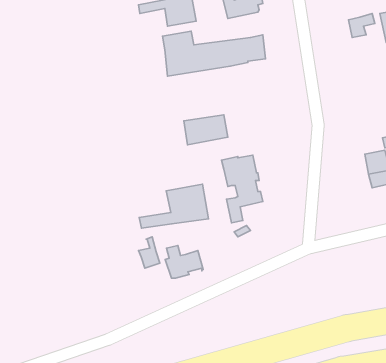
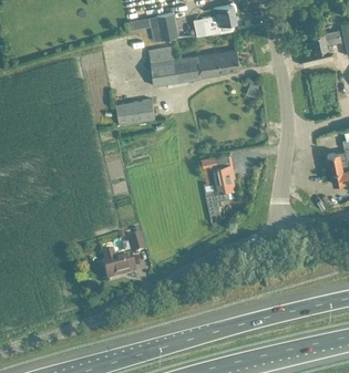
building: [184,115,228,145] -> [115,99,154,125]
building: [139,184,208,228] -> none
building: [165,246,203,278] -> [102,250,135,279]

